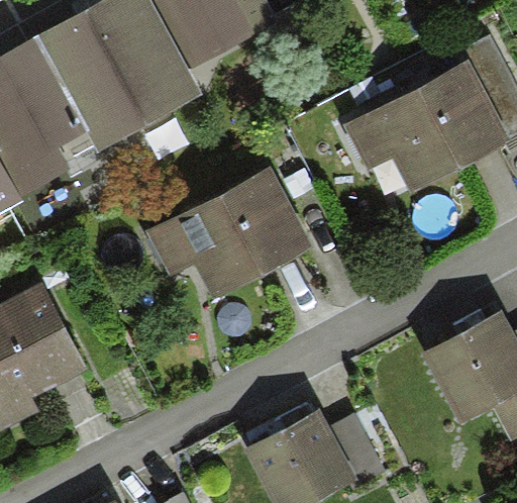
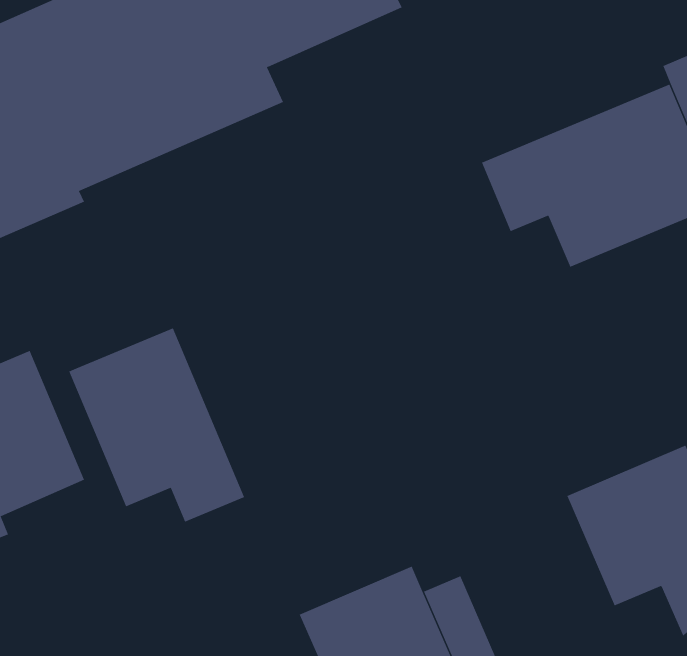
building: [144,166,314,300] -> none
building: none -> [69,328,245,523]

